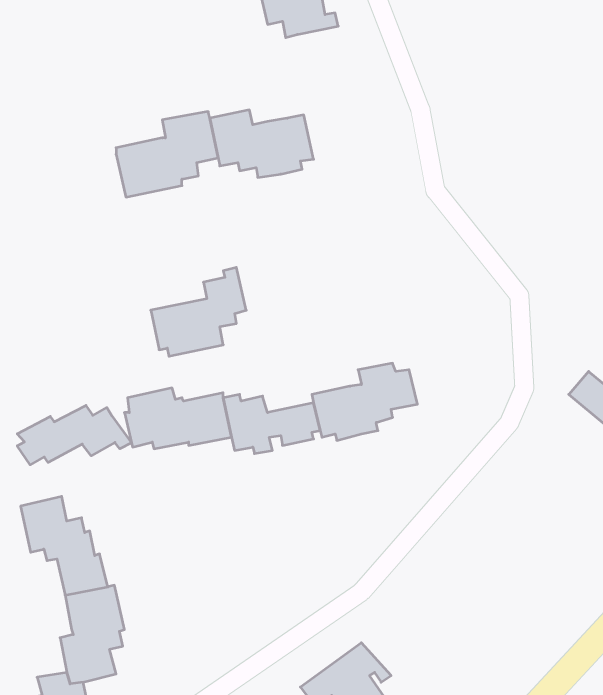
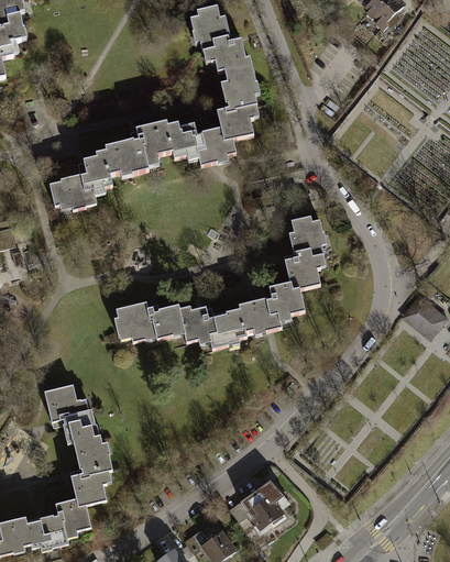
building: none -> [216,63,259,137]
building: none -> [285,218,328,294]
building: [151,267,246,356] -> [47,148,111,208]
building: [17,405,132,465] -> none

